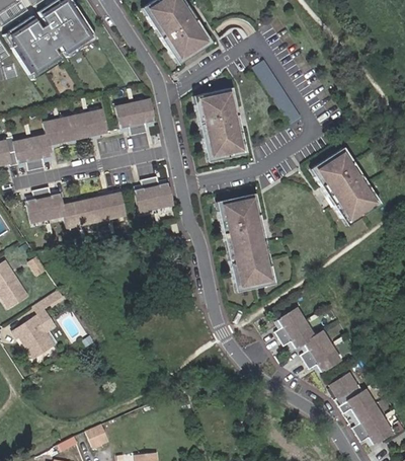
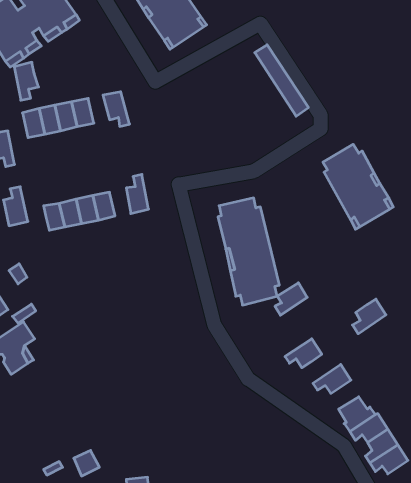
building: [195,91,245,165] -> none
building: [133,98,155,131] -> none
building: [30,133,53,167] -> [14,62,39,100]
building: [152,175,175,208] -> none
building: [42,185,65,219] -> none
building: [276,312,306,341] -> [275,283,307,315]
building: [302,334,332,366] -> [352,299,386,334]

